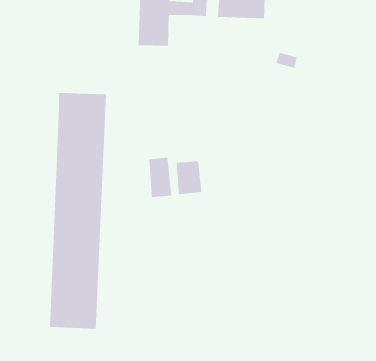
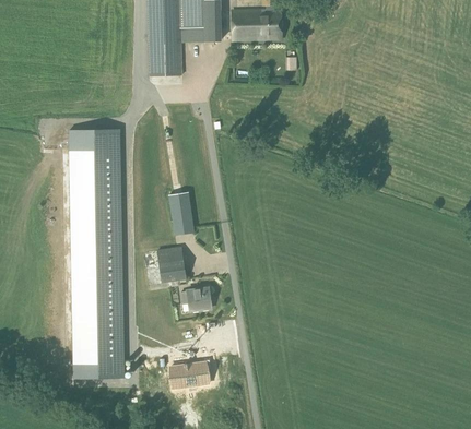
building: [176,161,202,195] -> [157,246,187,283]
building: none -> [180,286,211,310]
building: none -> [177,367,205,388]

